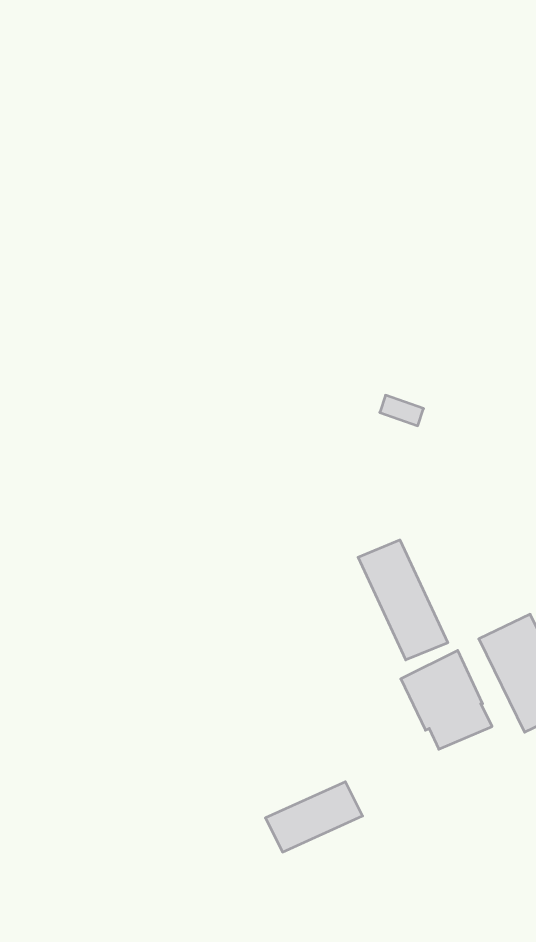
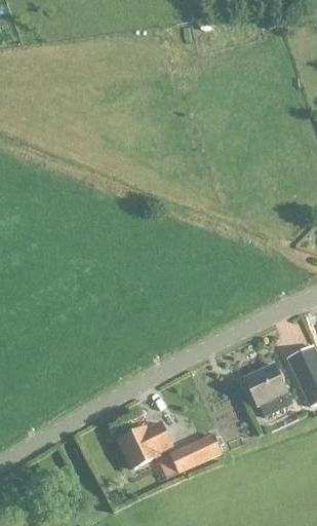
building: [358,540,448,660] -> none
building: none -> [117,422,170,467]

